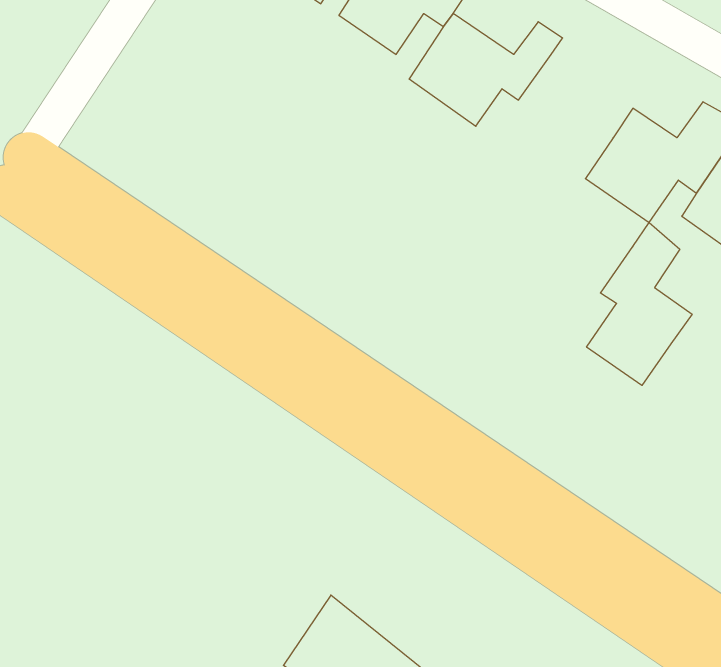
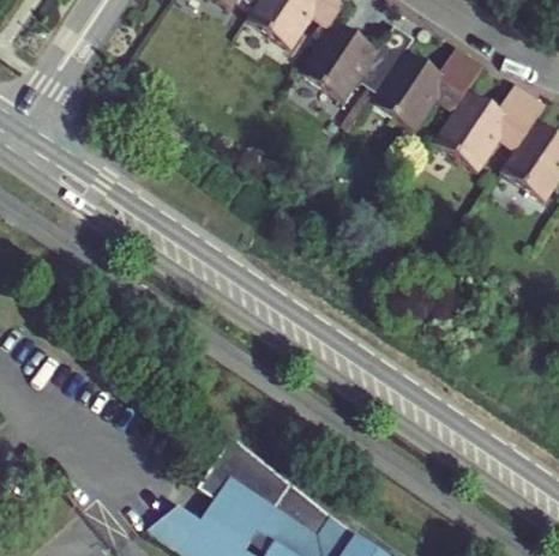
building: none -> [369,48,483,134]
building: [587,223,692,385] -> none

